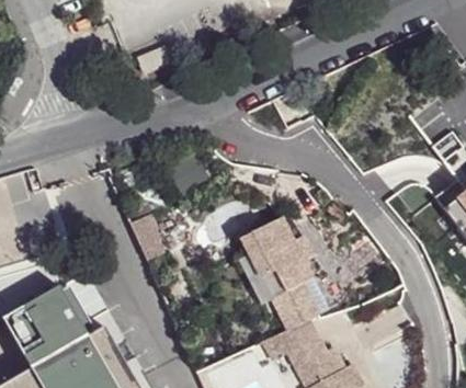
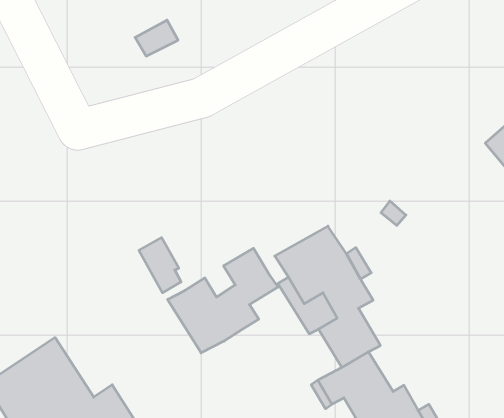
building: none -> [168,248,278,353]

